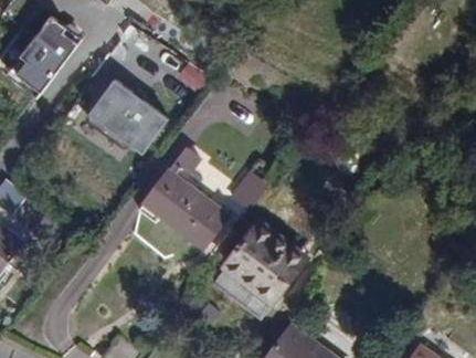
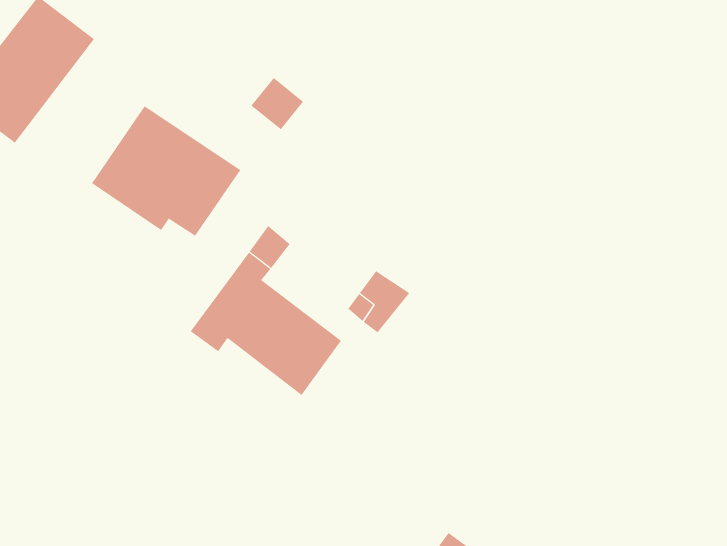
building: [212,220,306,317] -> none

